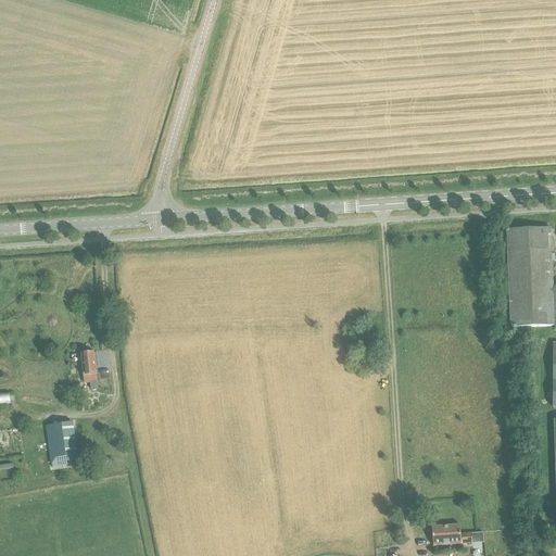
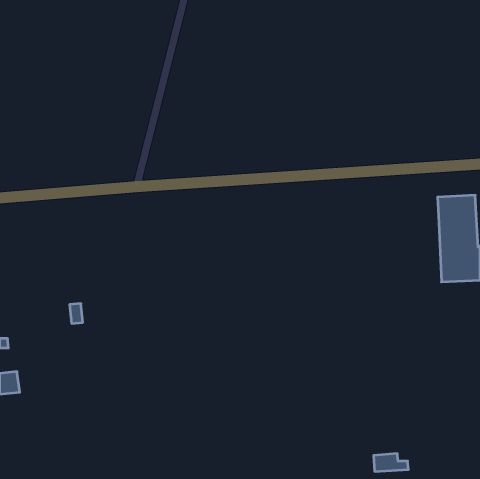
building: [46,420,77,465] -> none

